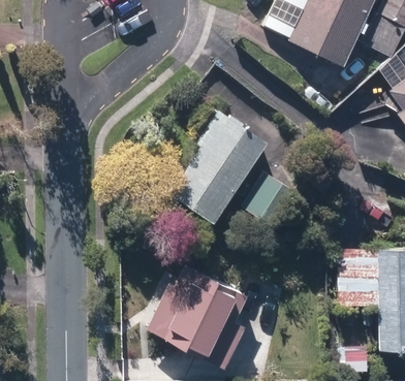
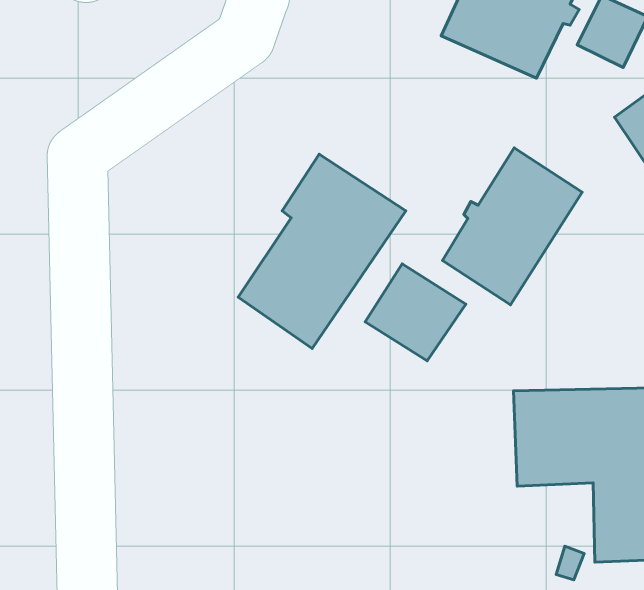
building: none -> [442,148,582,305]
building: [156,267,250,361] -> none

